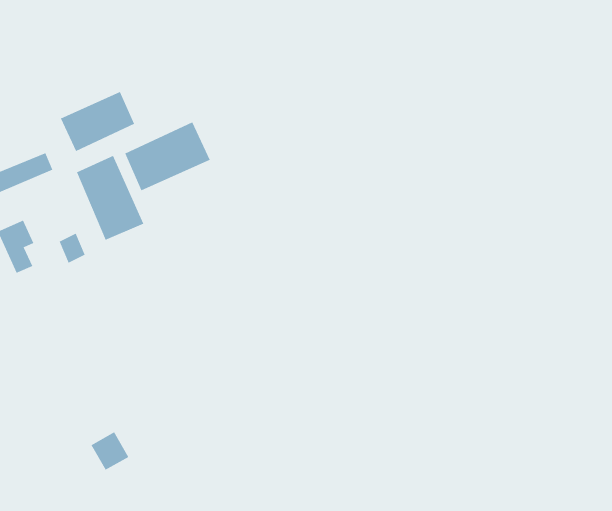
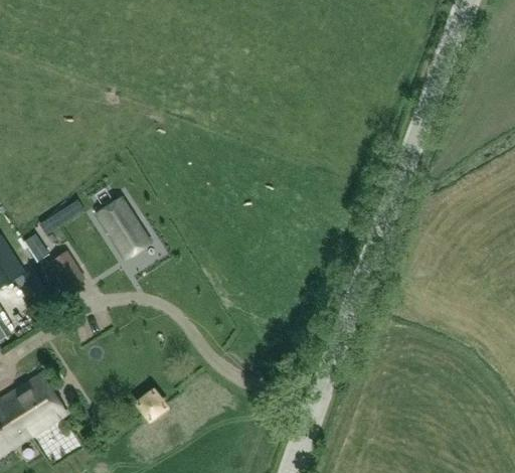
building: [60,91,135,152] -> none
building: [124,121,210,191] -> none

